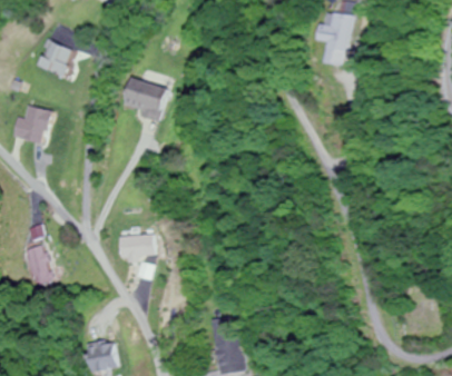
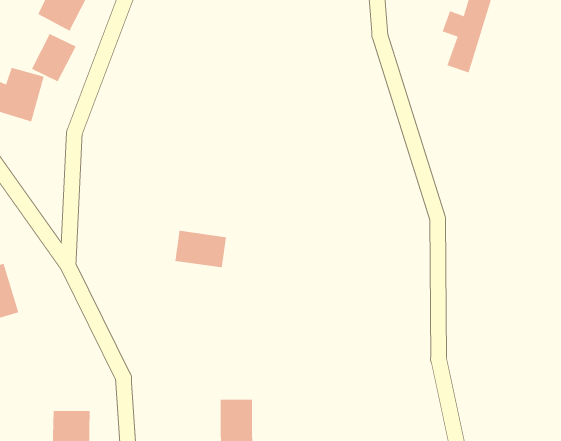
building: [120,77,167,118] -> none
building: none -> [31,33,76,82]
building: [120,235,155,257] -> [175,230,227,268]

